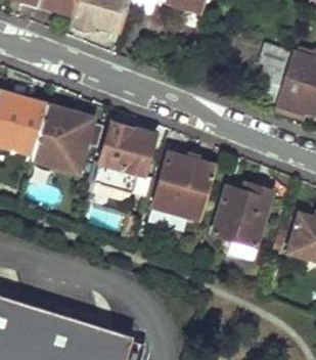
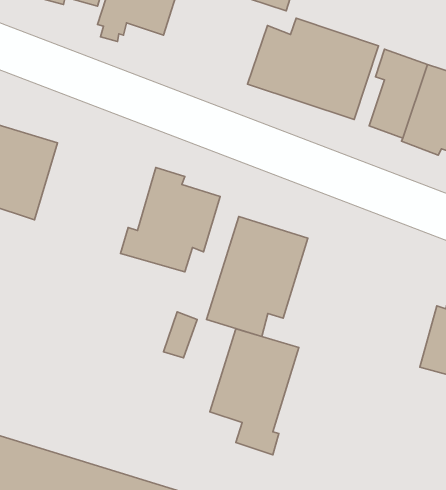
building: none -> [248,18,379,119]
building: [31,104,93,173] -> none
building: [212,179,271,263] -> [210,329,299,455]

